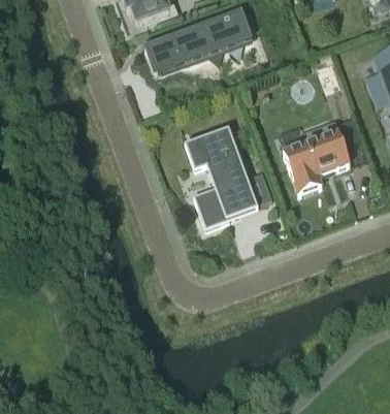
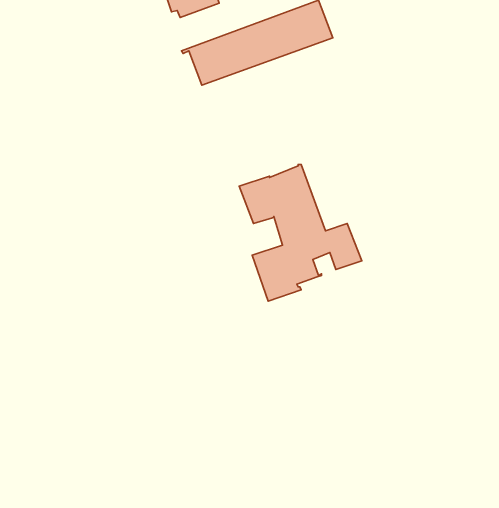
building: [283,122,350,194] -> none

